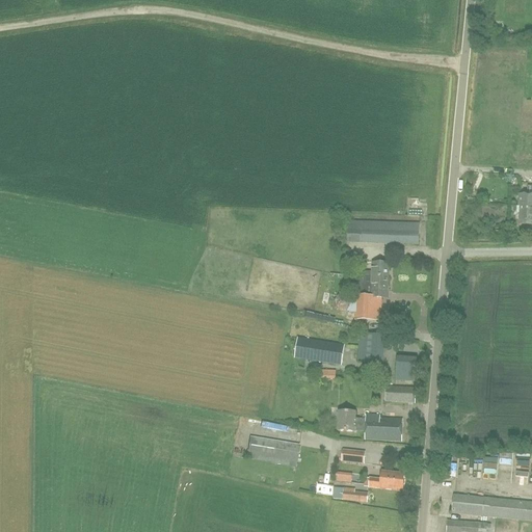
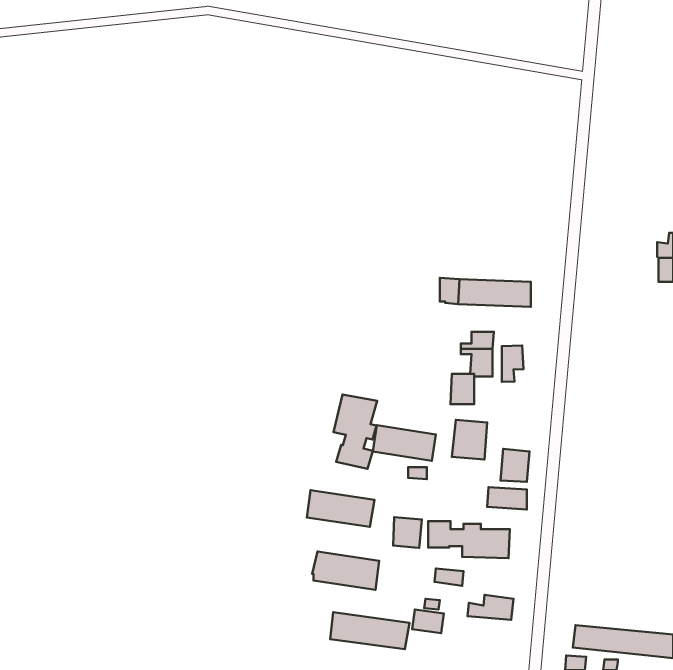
building: none -> [502,345,524,382]
building: none -> [333,395,377,469]
building: none -> [307,490,375,527]
building: none -> [393,517,422,548]
building: none -> [330,612,409,649]

